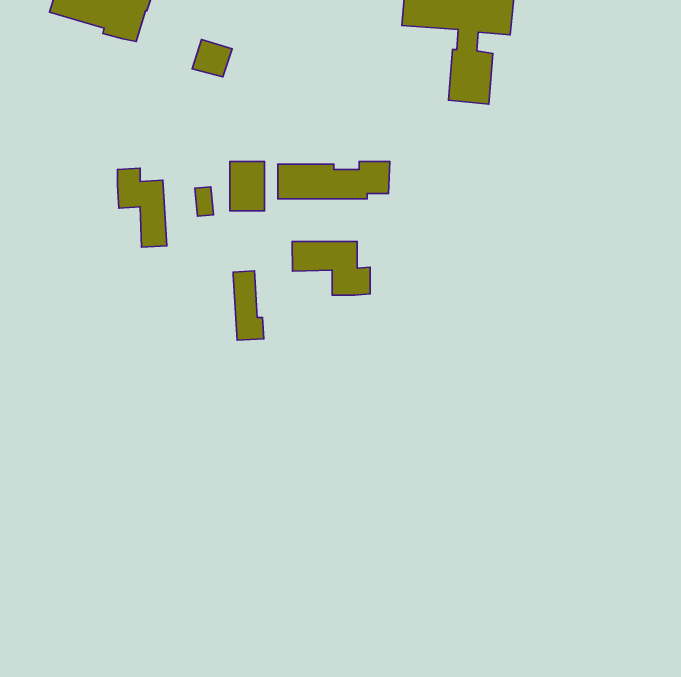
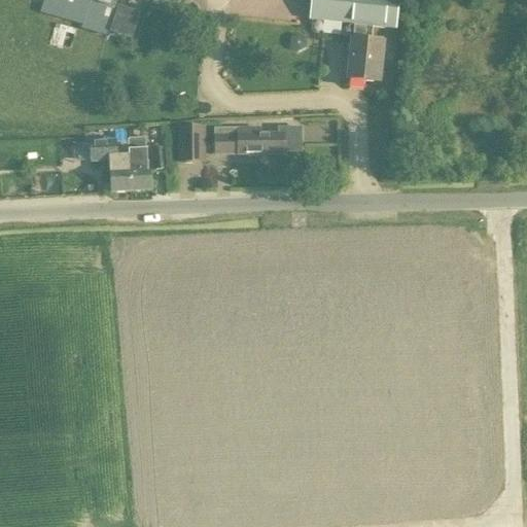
building: [192,39,232,77] -> [109,5,140,34]
building: [292,241,370,295] -> none
building: [233,271,264,340] -> [127,136,150,189]

